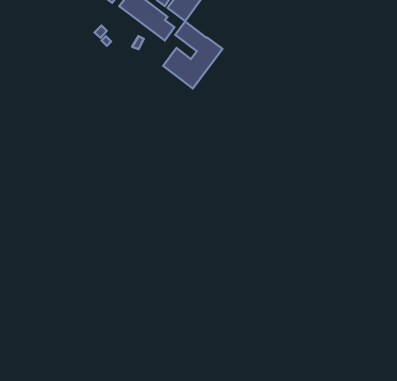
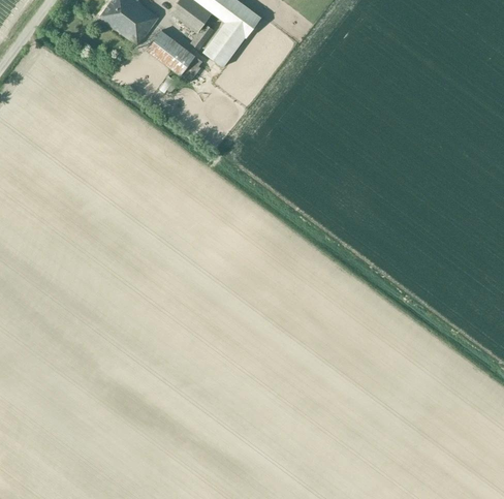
building: [163,21,223,88] -> none

